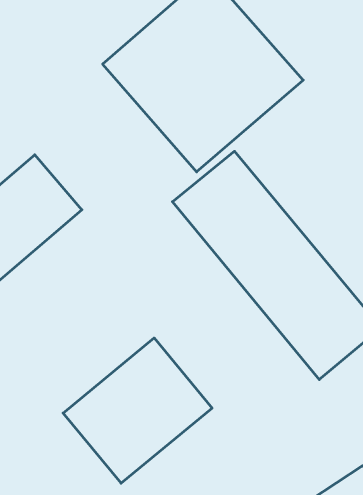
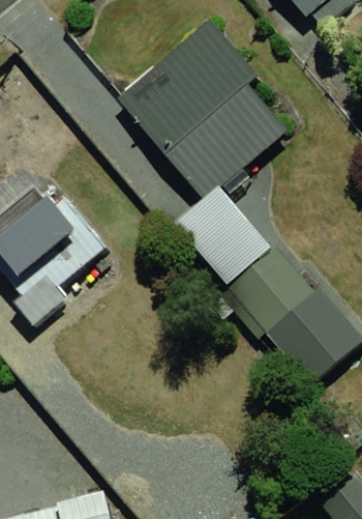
building: [63,338,212,483] -> none

